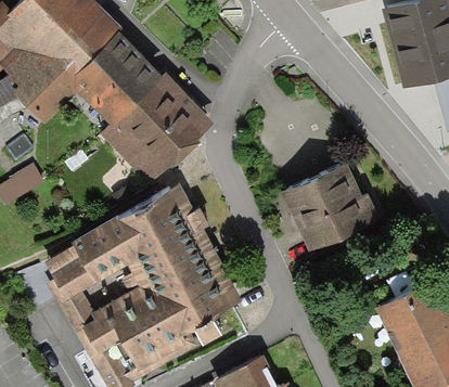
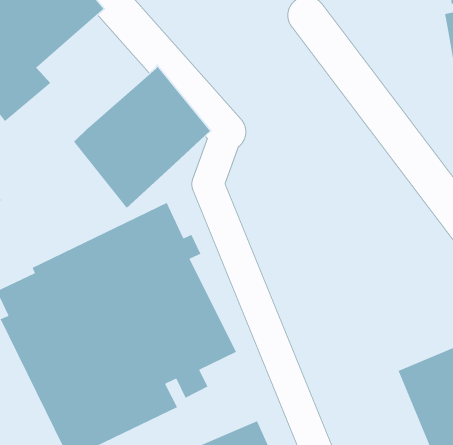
building: [68,27,165,124] -> none
building: [281,160,380,250] -> none

